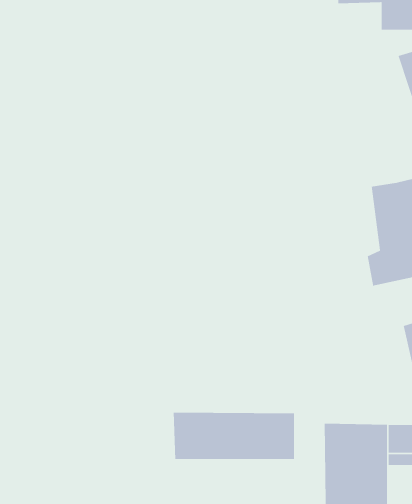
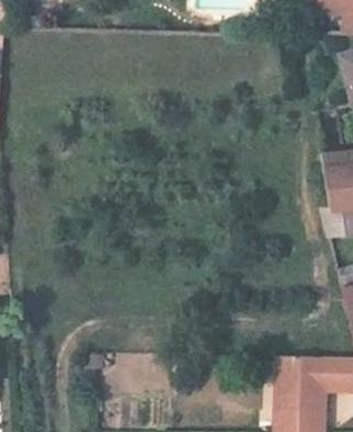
building: [173,412,295,460] -> none

